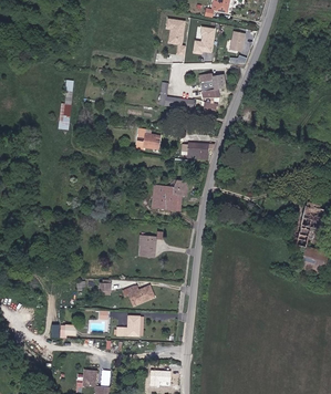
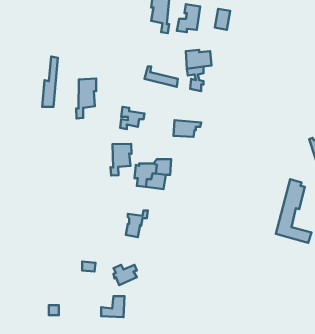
building: none -> [76,79,96,118]
building: none -> [111,144,132,175]

